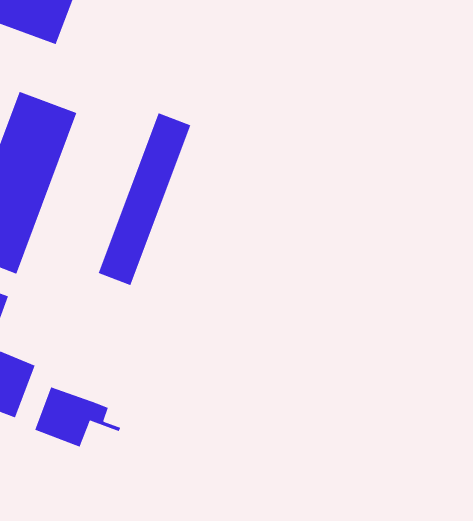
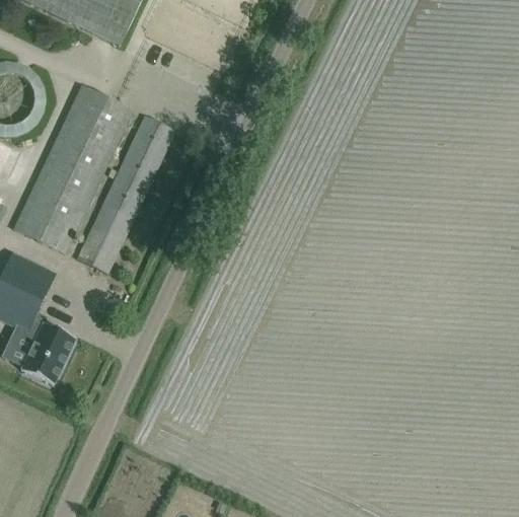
building: [98,112,191,286] -> [77,116,174,273]
building: [34,387,121,447] -> none

